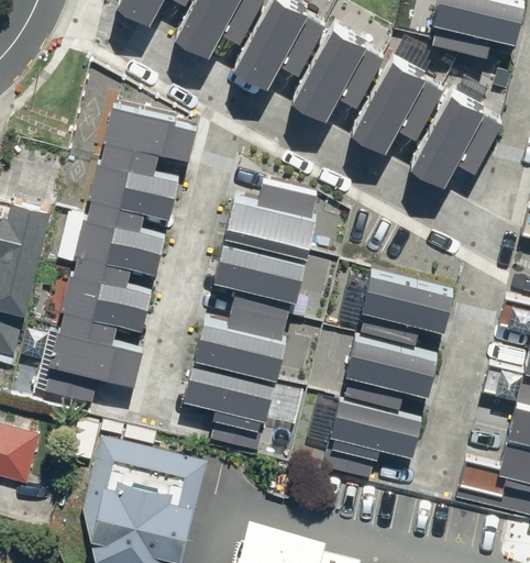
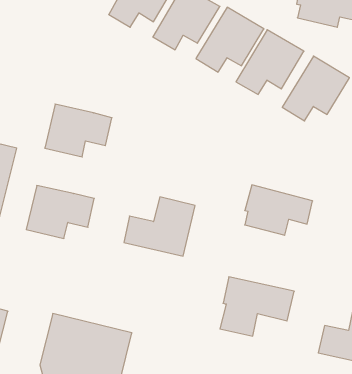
building: [99,108,194,173] -> none
building: [225,183,322,252] -> none
building: [74,221,166,284] -> none
building: [213,243,306,301] -> none
building: [45,333,145,406] -> none
building: [346,338,440,407] -> none
building: [185,364,276,453] -> none

